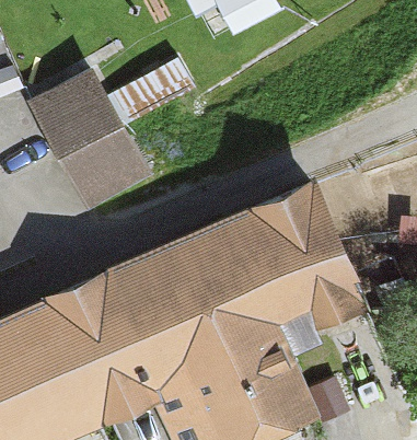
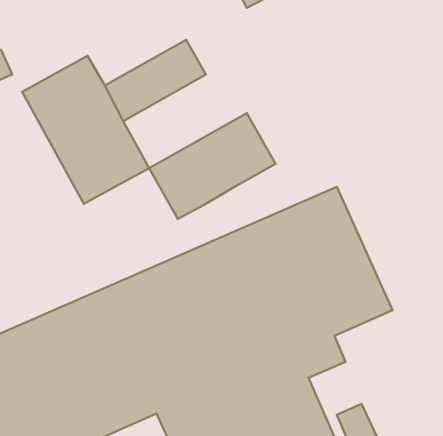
building: none -> [149,113,276,219]

